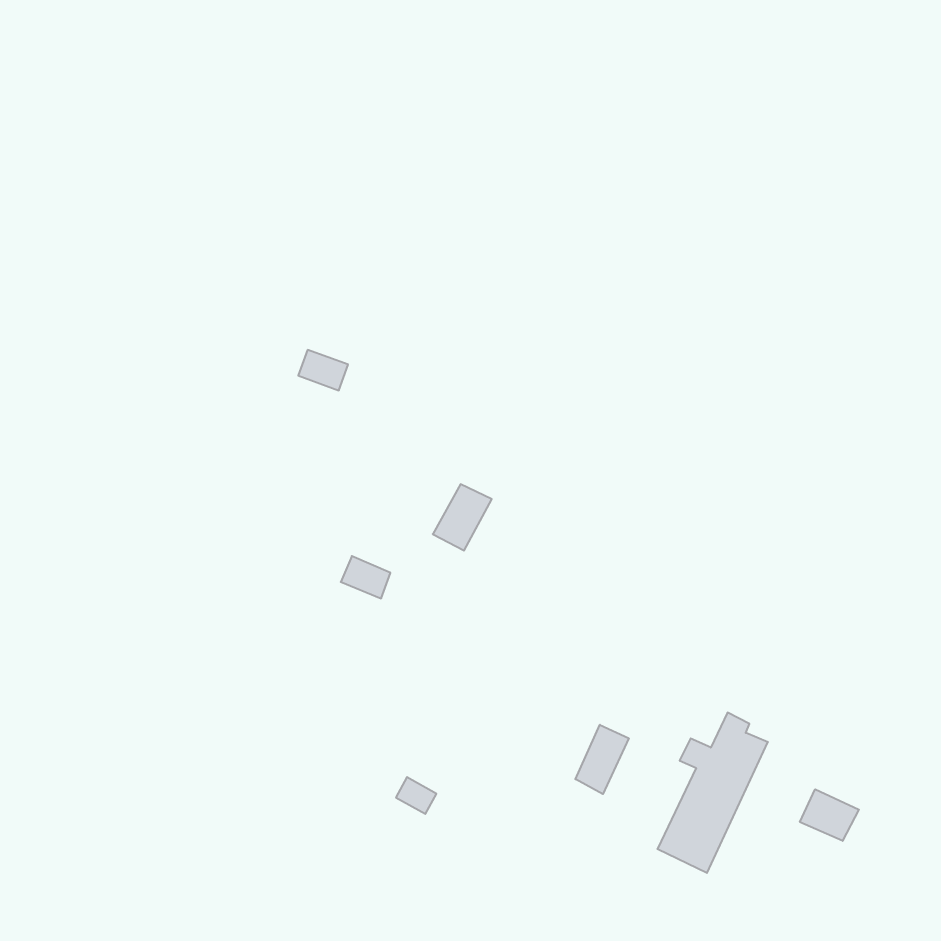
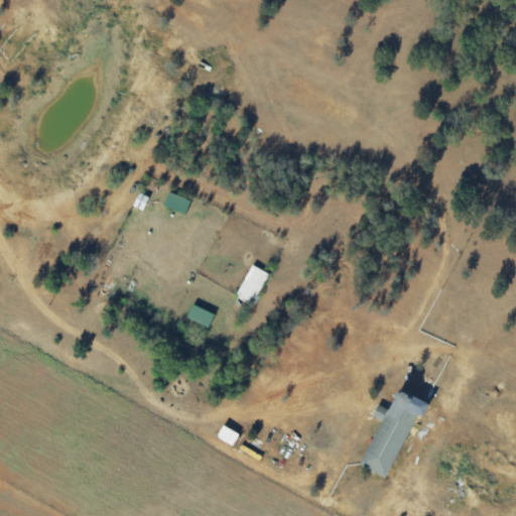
building: [575,725,629,794] -> none
building: [800,789,859,841] -> none

